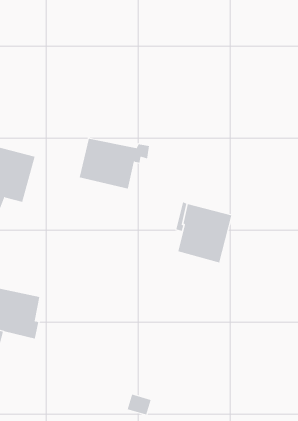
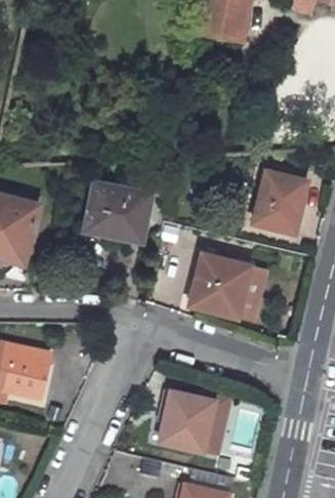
building: none -> [253,169,307,232]
building: none -> [160,386,217,448]

